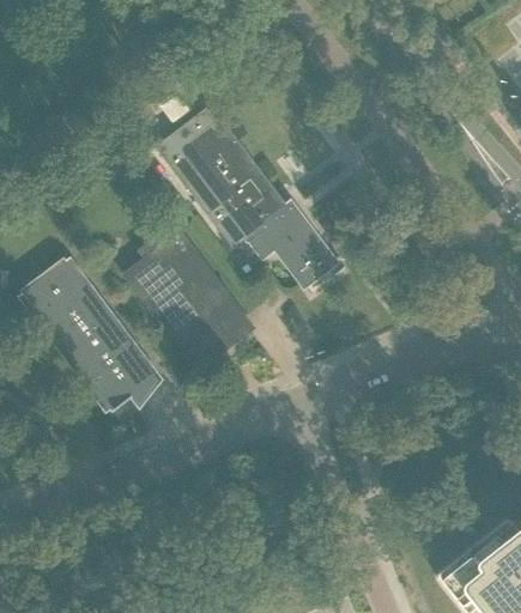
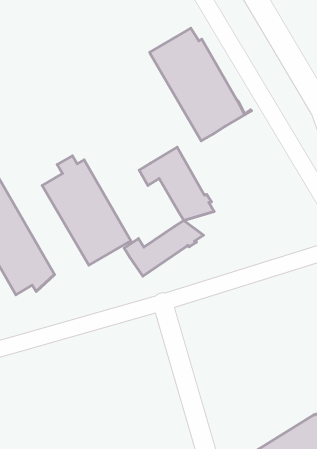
building: [162,111,298,251] -> [150,28,251,141]
building: none -> [124,220,204,276]

